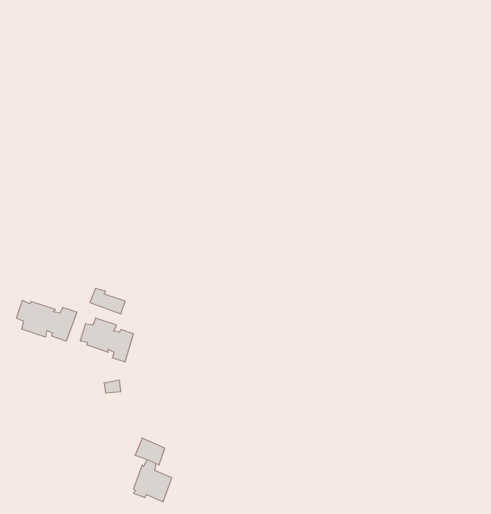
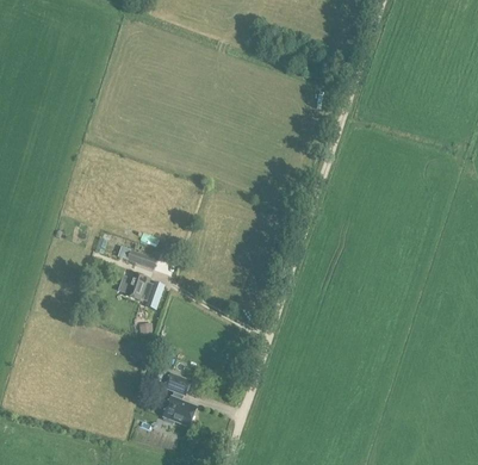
building: [17,300,77,341] -> none

